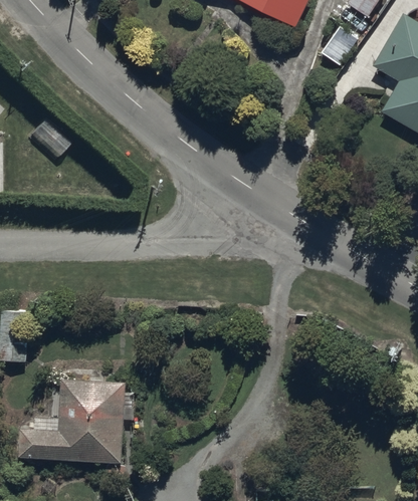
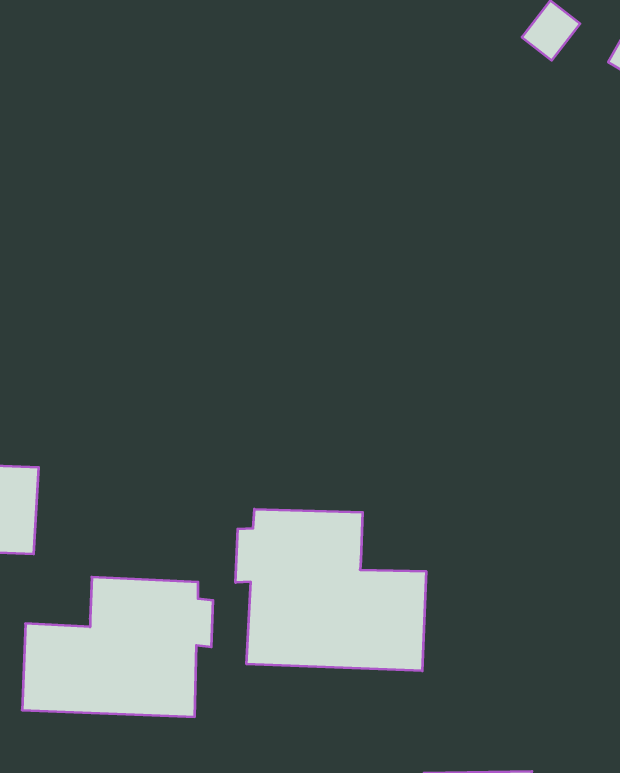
building: none -> [236,509,426,671]

